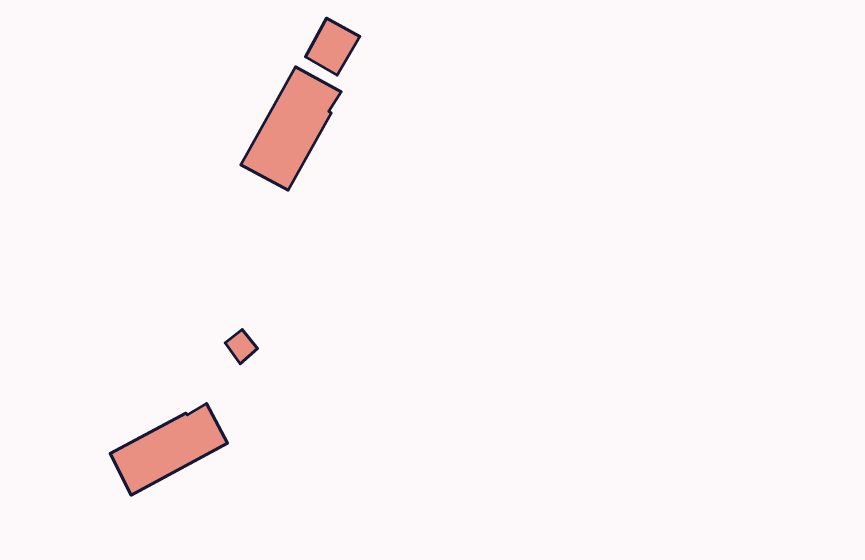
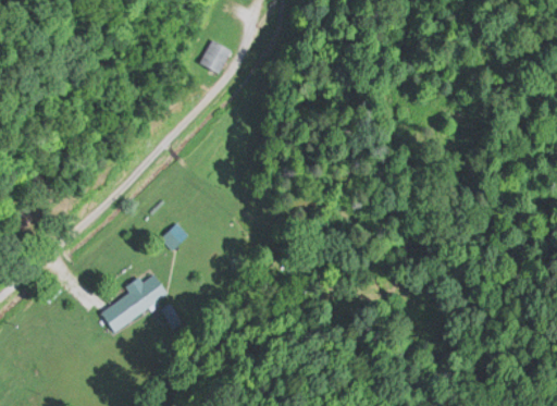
building: [241,67,341,190] -> none

